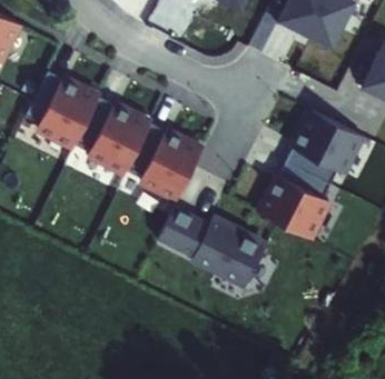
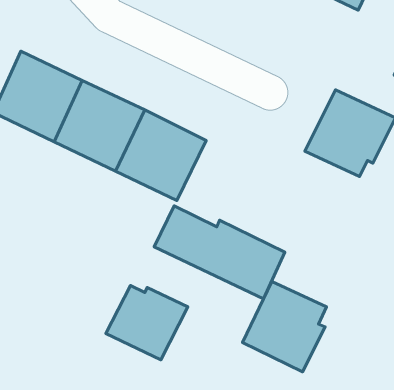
building: [261,158,332,233] -> [243,281,327,372]
building: none -> [106,286,188,360]

